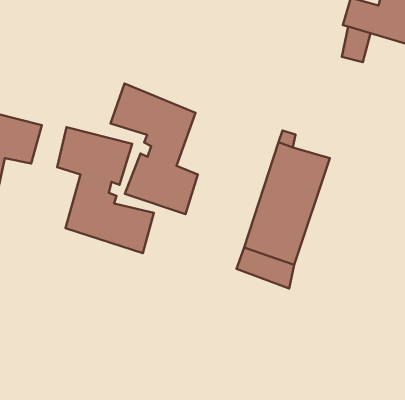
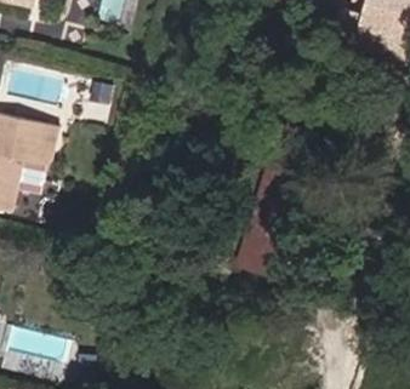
building: [110,84,198,214] -> none
building: [57,127,154,253] -> none

